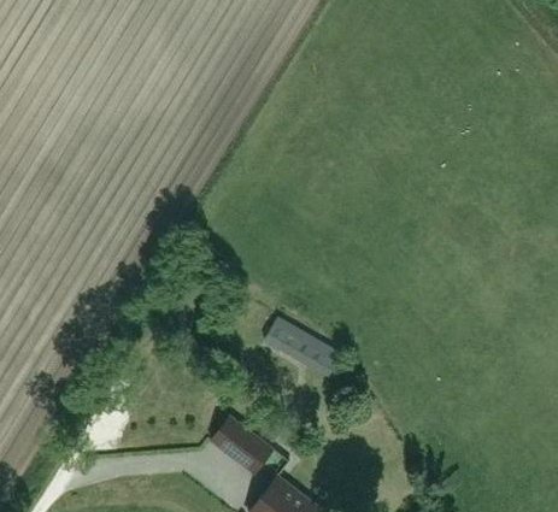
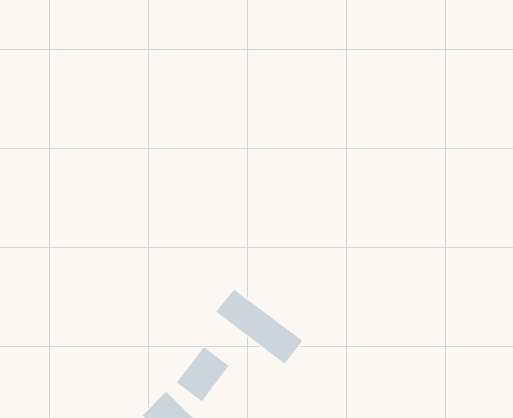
building: none -> [176,346,230,402]

